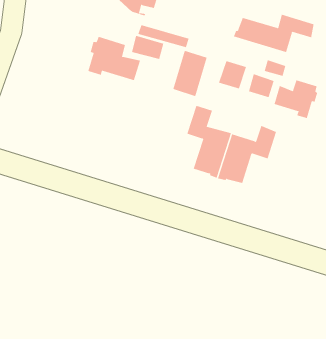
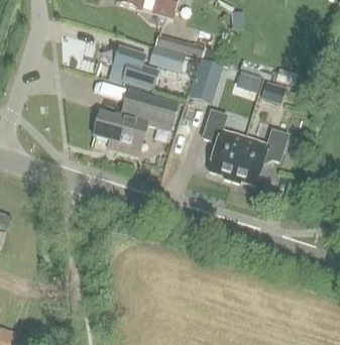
building: [233,14,314,54] -> none
building: [274,80,318,119] -> none
building: none -> [92,87,180,157]

